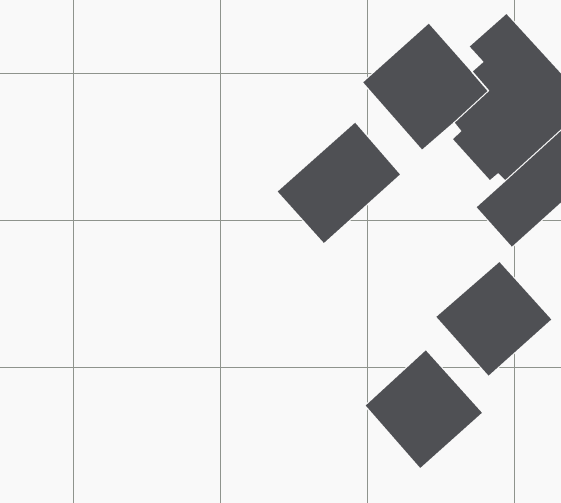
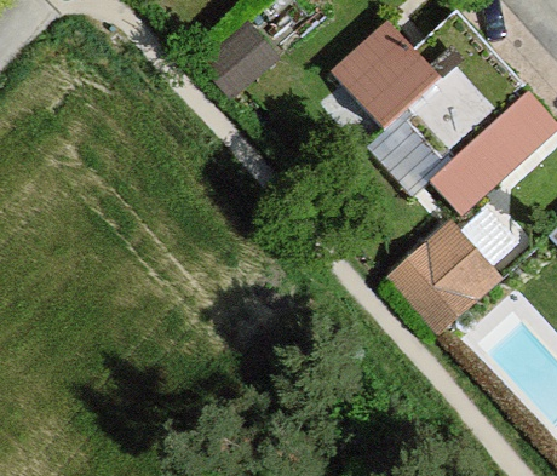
building: [277,122,401,244] -> none
building: [365,350,483,469] -> none

